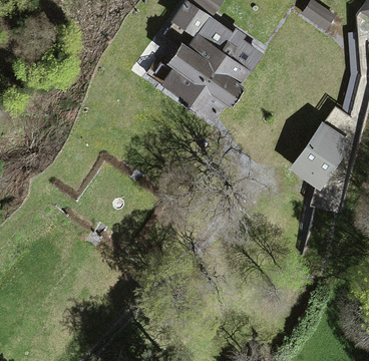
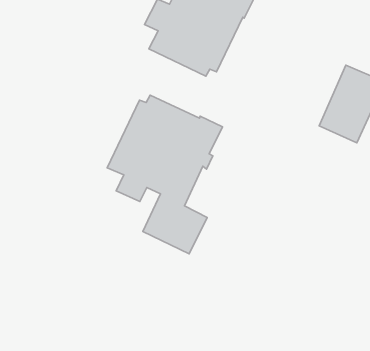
building: none -> [107,95,222,254]

